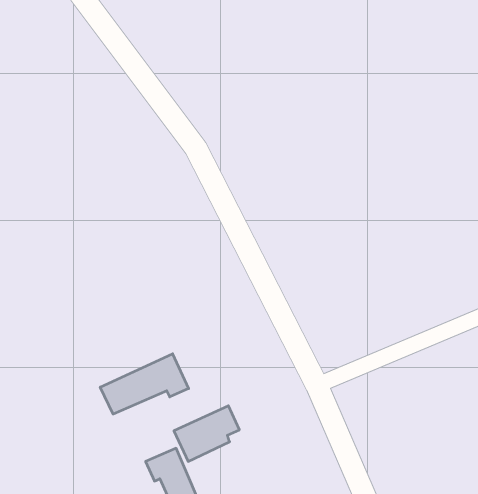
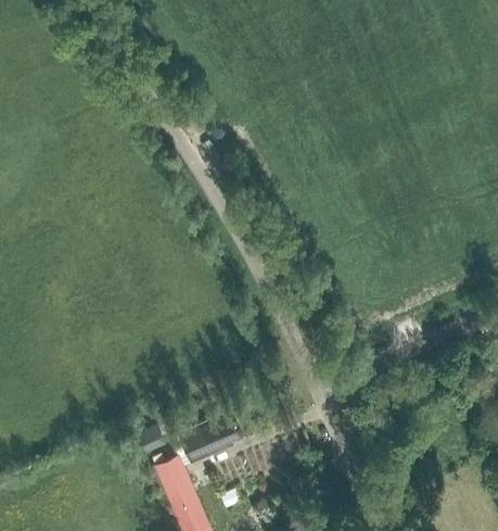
building: [100,354,189,414] -> none

